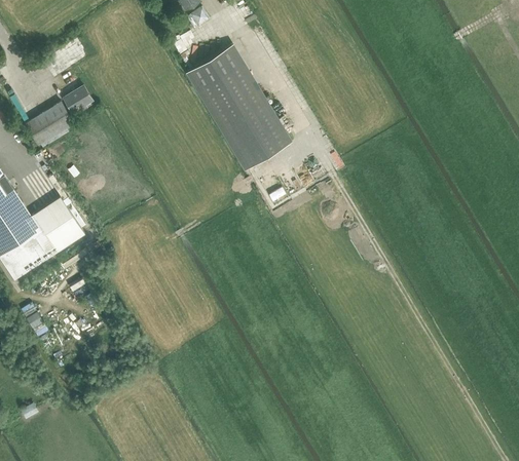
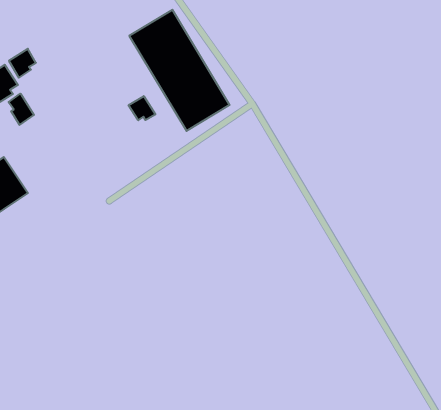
building: none -> [9,94,34,125]
building: none -> [129,96,155,120]

